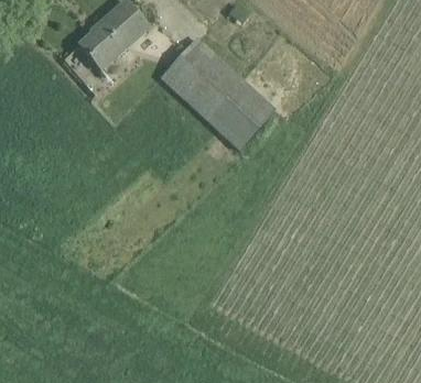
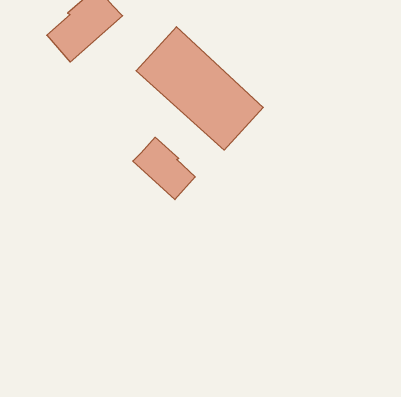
building: none -> [133,137,195,200]

